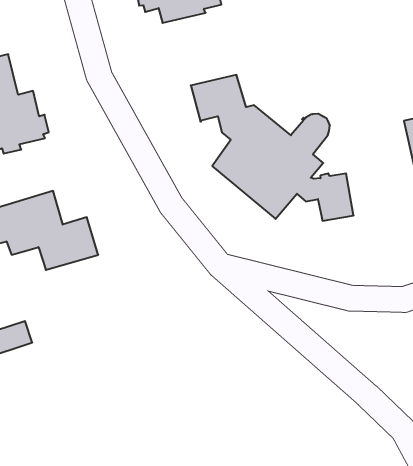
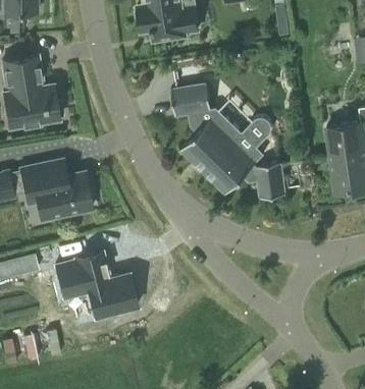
building: none -> [55,253,137,318]

